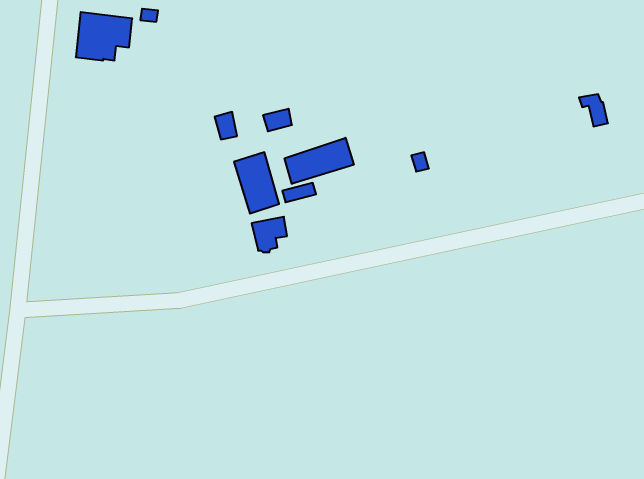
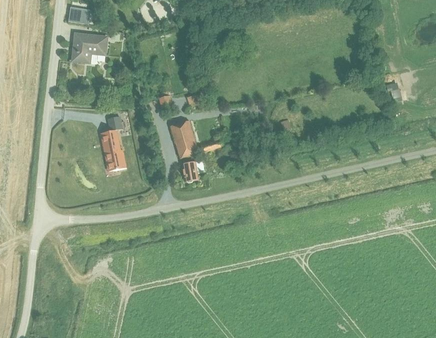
building: [285,138,354,184] -> none
building: none -> [99,115,125,169]

